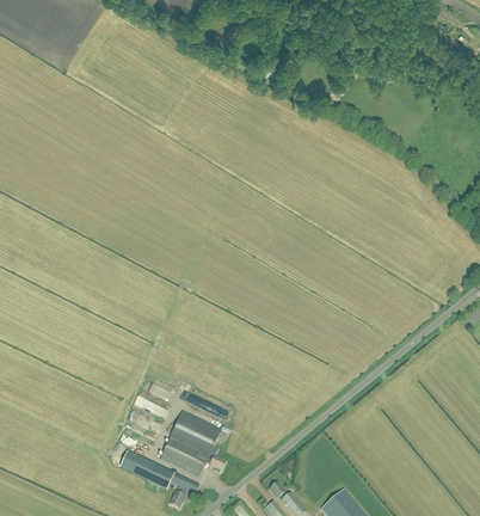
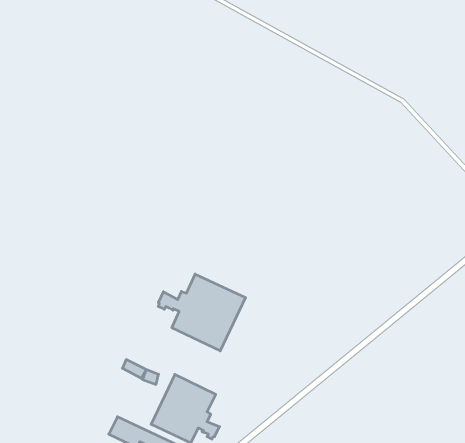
building: none -> [158,274,246,351]

